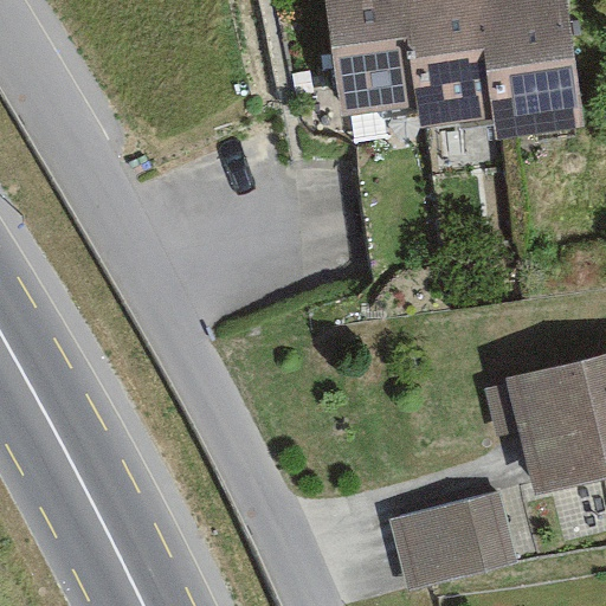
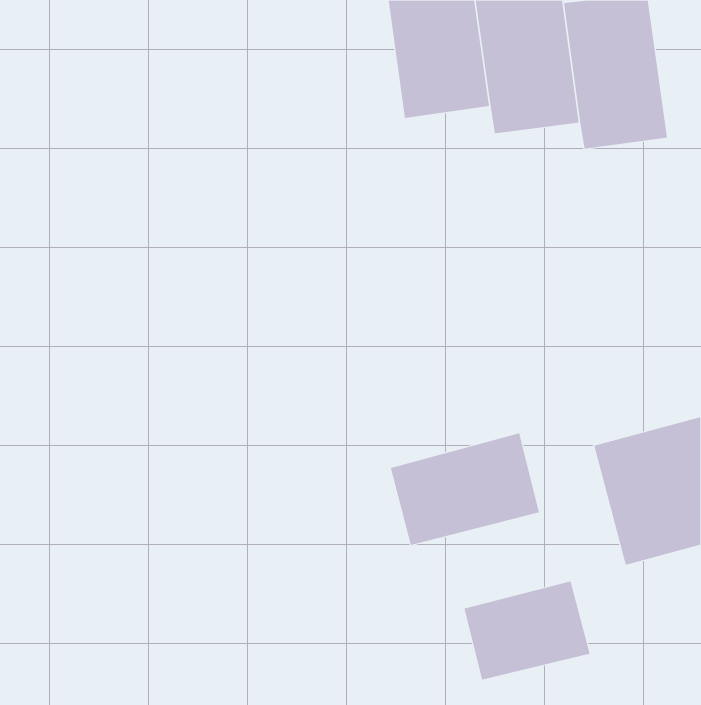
building: none -> [390,432,540,546]

